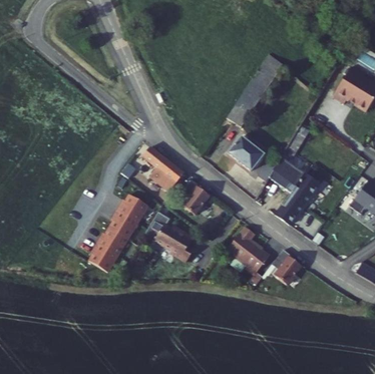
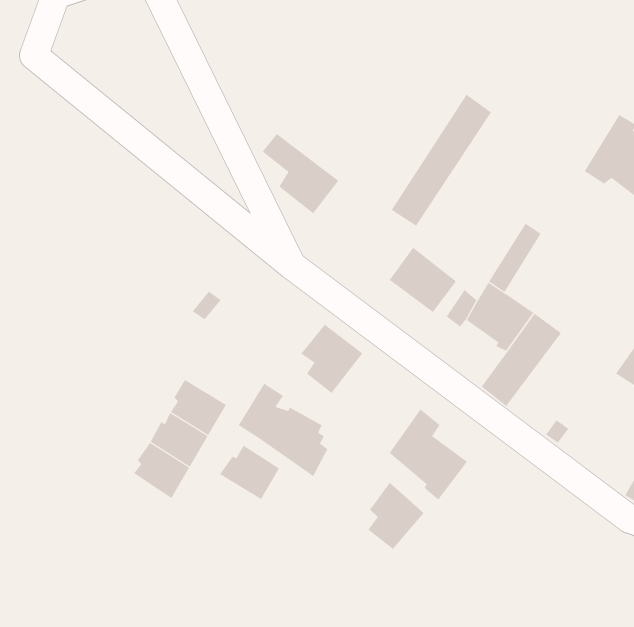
building: [142,147,184,192] -> [262,133,339,214]
building: [116,194,149,224] -> [219,445,280,500]
building: [273,250,304,287] -> [367,482,425,550]

